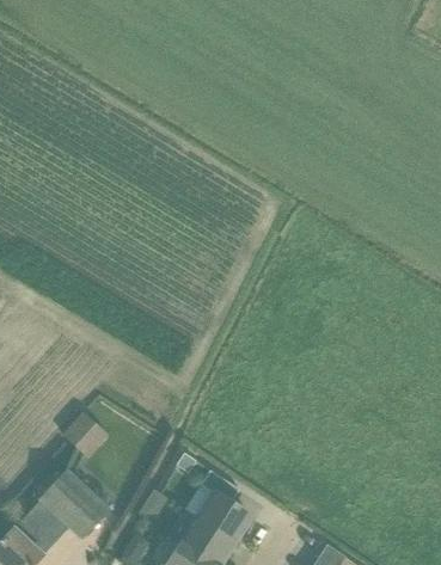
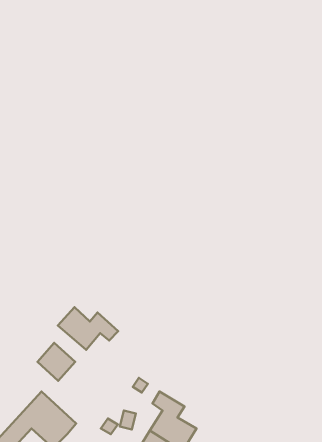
building: none -> [58,307,118,350]

